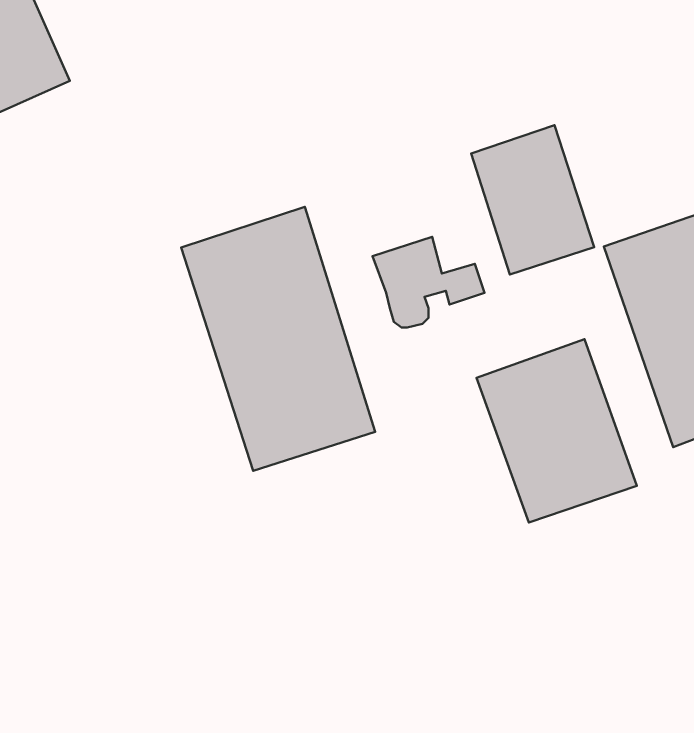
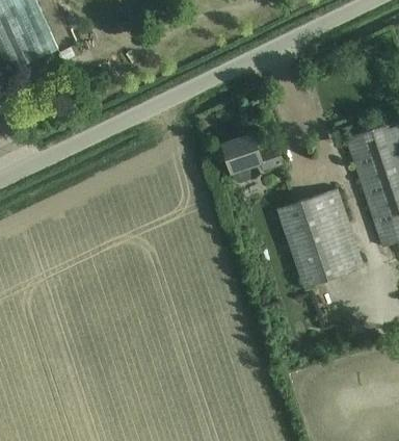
building: [471,125,594,274] -> none
building: [181,207,375,471] -> none

